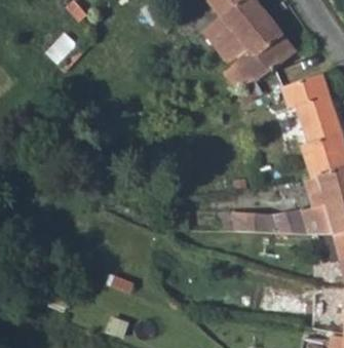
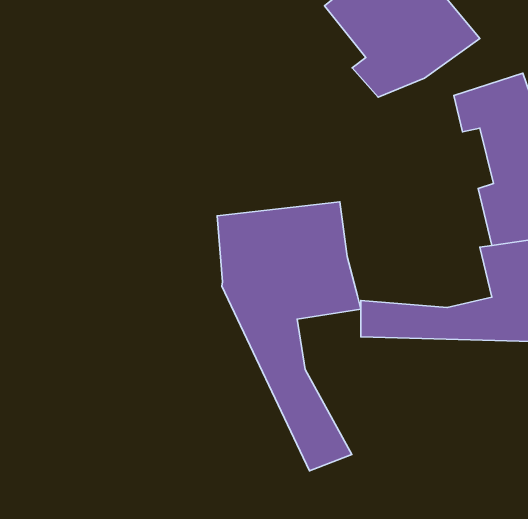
building: none -> [217,202,361,471]

